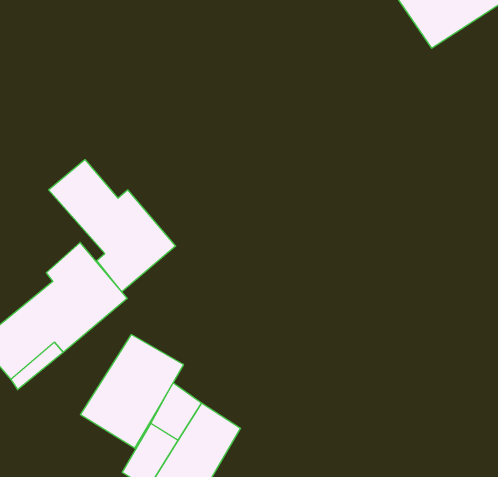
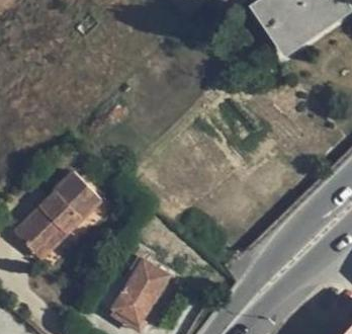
building: [49,160,176,292] -> none
building: [80,335,183,448] -> none

